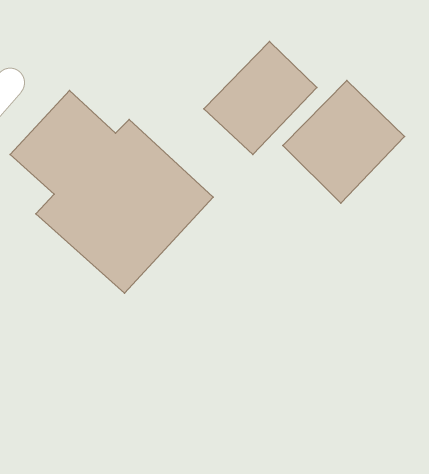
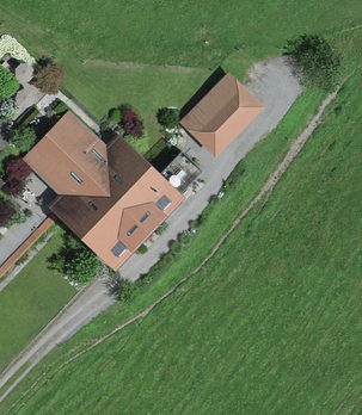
building: [283,81,405,203] -> none

